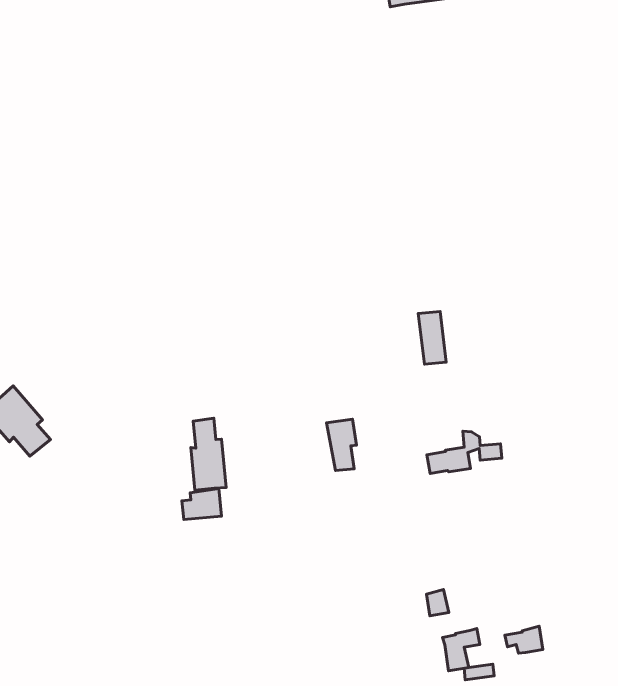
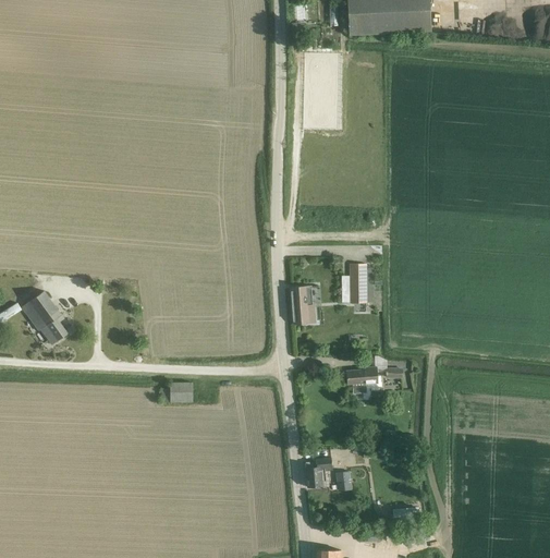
building: [191,418,226,490] -> none
building: [327,419,356,471] -> [291,287,311,324]
building: [443,629,480,671] -> [305,458,332,487]

